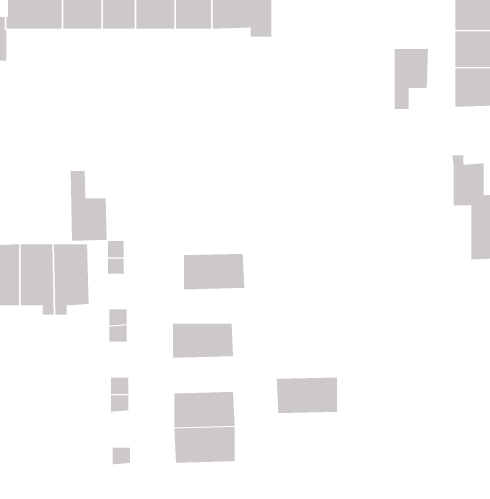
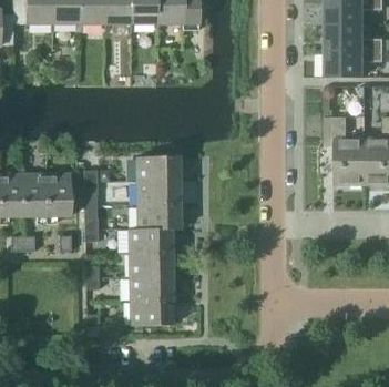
building: [394,48,428,110] -> none
building: [70,170,107,241] -> none
building: none -> [135,154,178,180]
building: none -> [136,203,180,227]
building: [276,377,338,414] -> [129,251,172,276]

